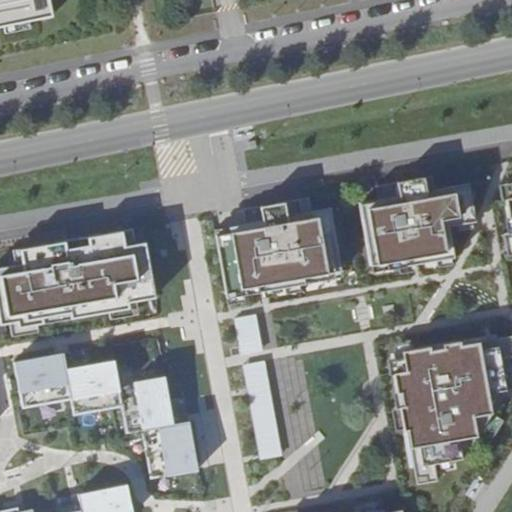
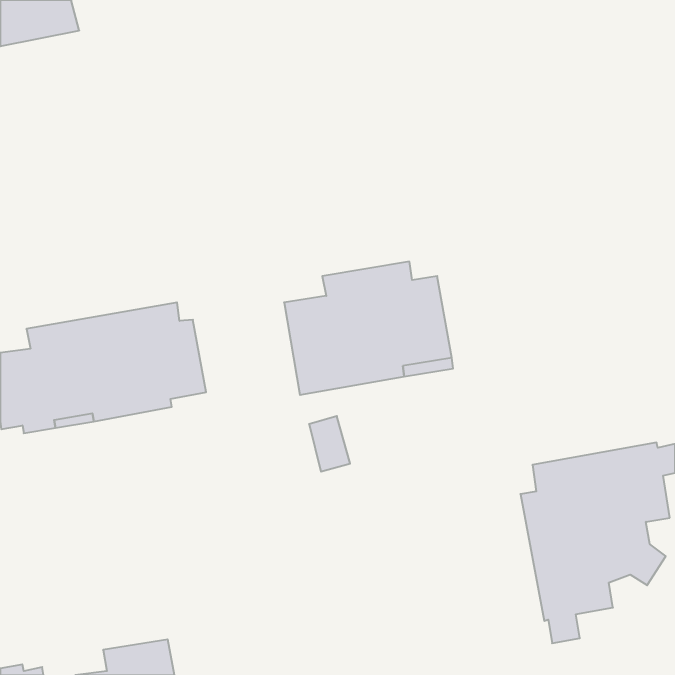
building: [360,176,477,268] -> none
building: [15,351,197,479] -> none
building: [242,361,284,460] -> none

